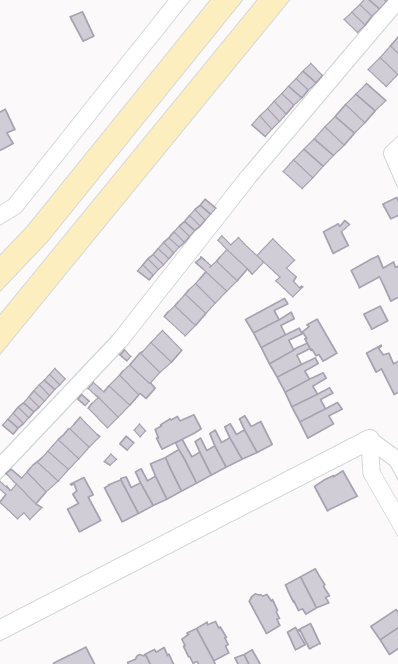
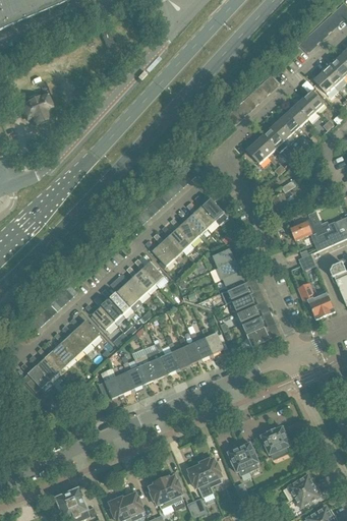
building: [257,239,303,297] -> none
building: [302,319,337,361] -> none
building: [155,415,201,449] -> none
building: [315,471,357,511] -> [261,425,291,454]
building: [68,477,101,532] -> none
building: none -> [188,462,214,497]

